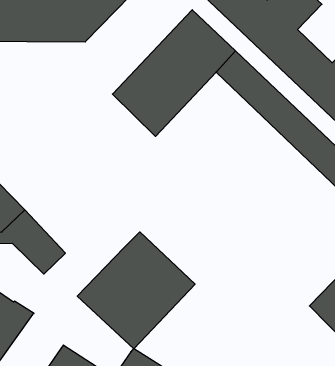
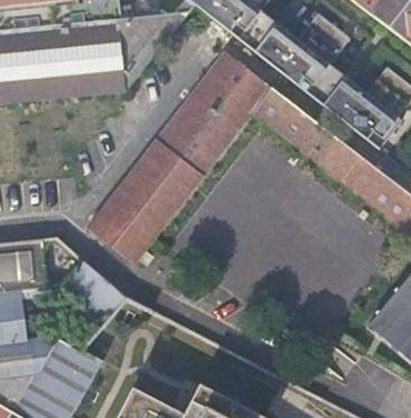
building: none -> [83,140,202,270]
building: [77,232,195,349] -> none

